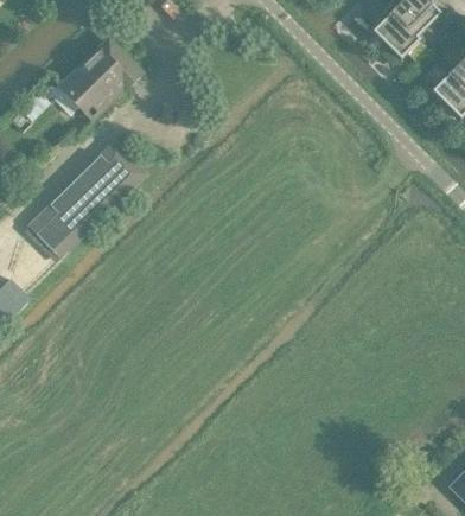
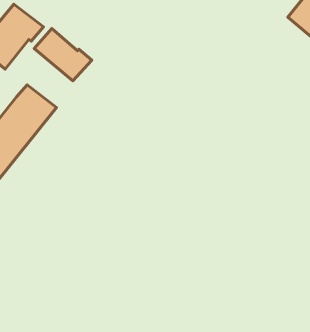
building: none -> [34,29,92,81]

